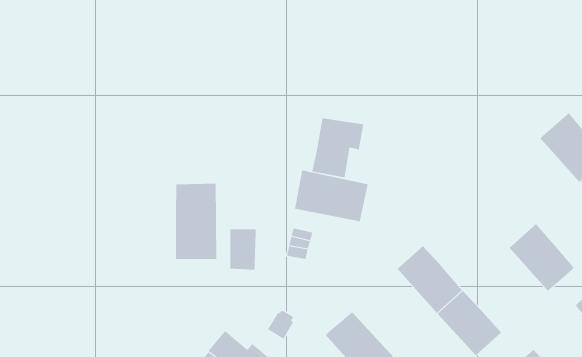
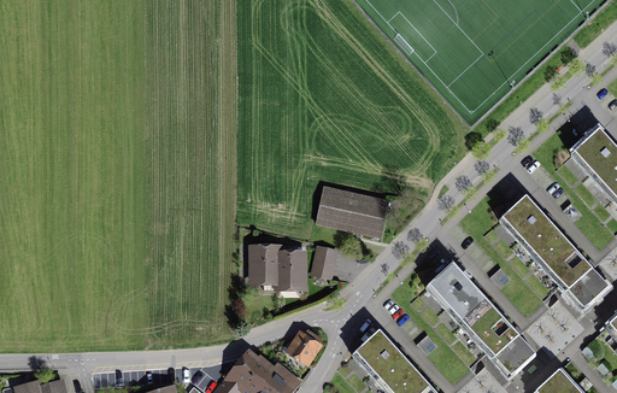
building: [311,118,364,178] -> none
building: none -> [500,196,568,266]
building: [176,183,217,260] -> none
building: none -> [281,252,307,283]

